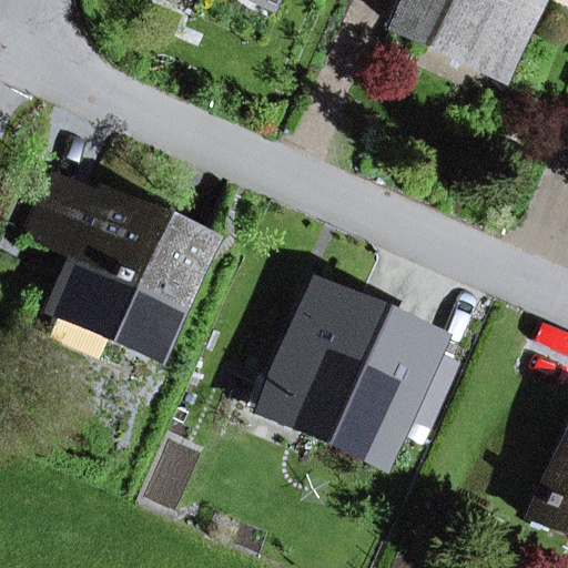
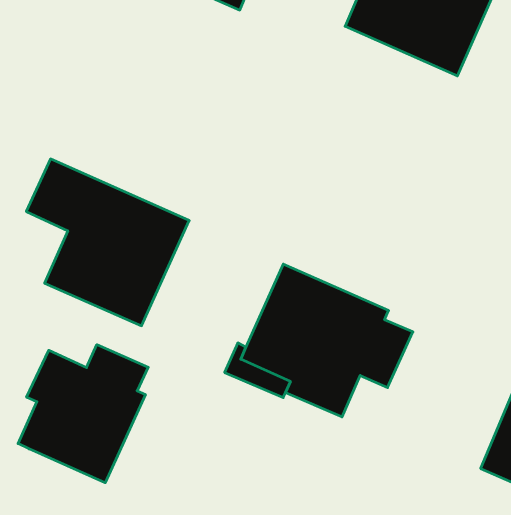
building: none -> [18,345,148,483]

